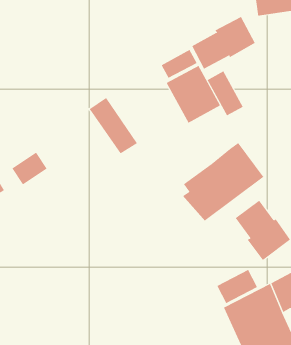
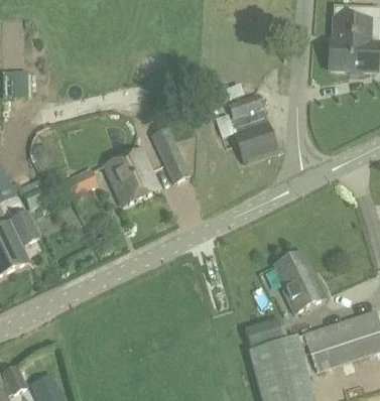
building: [191,16,256,70] -> none
building: [207,71,243,116] -> none
building: none -> [104,147,161,206]
building: [182,142,264,221] -> none

